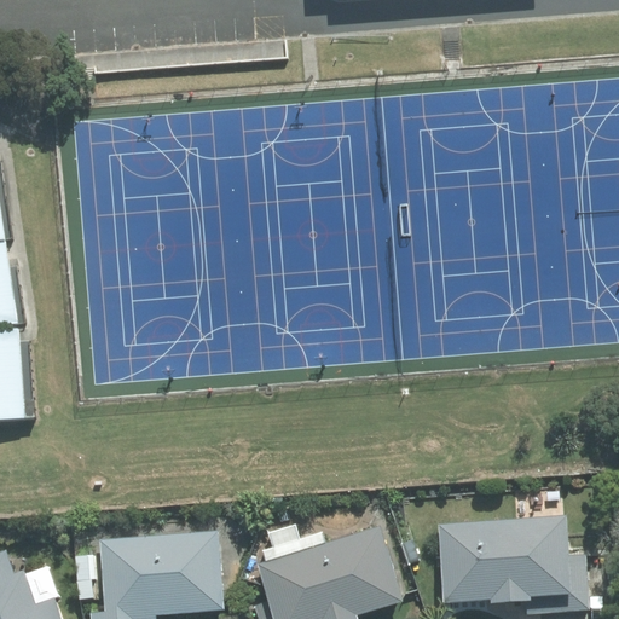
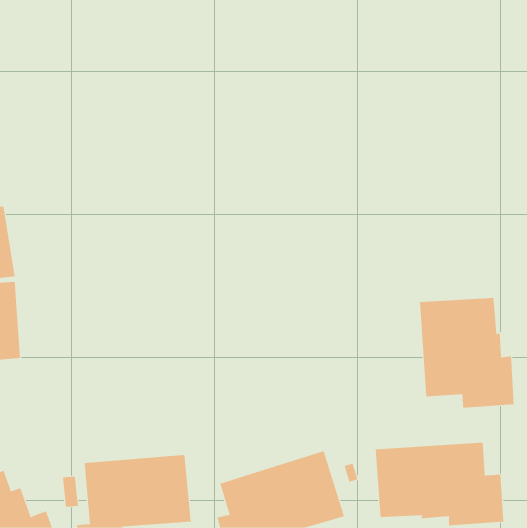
building: none -> [419,297,514,408]

